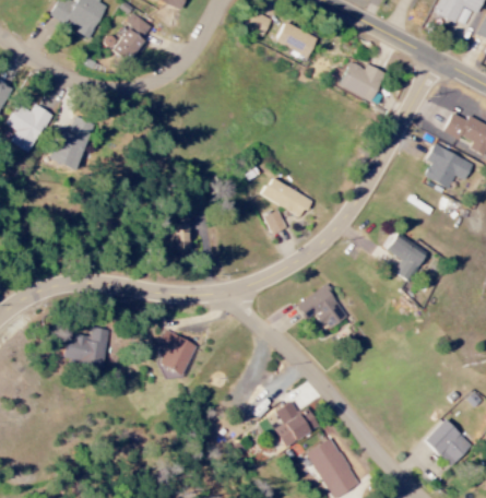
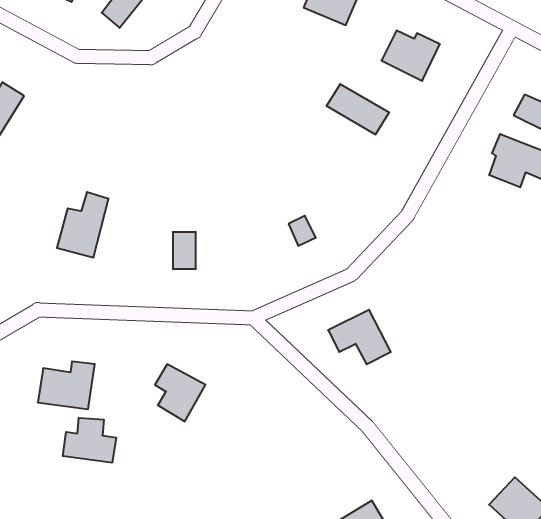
building: [50,117,92,169] -> [57,192,109,257]
building: [262,178,312,218] -> [326,84,389,134]
building: [388,235,427,282] -> none
building: none -> [63,418,116,463]
building: [275,402,320,448] -> none

